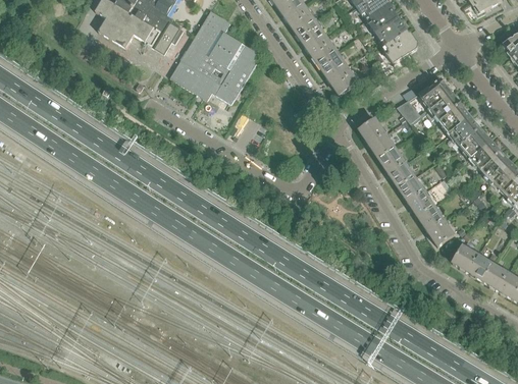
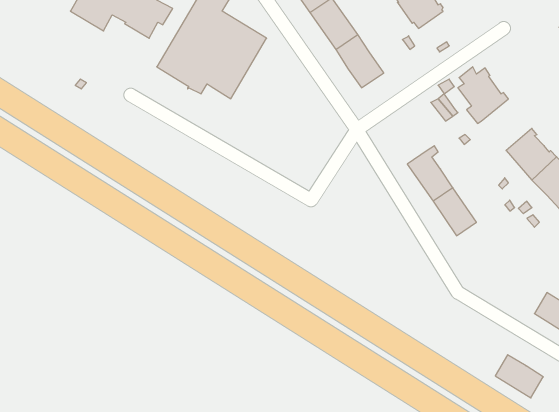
building: [386,32,417,63] -> none
building: [438,104,480,147] -> none
building: [359,119,394,158] -> none
building: [418,206,454,246] -> none
building: [453,245,493,281] -> [495,355,543,398]

